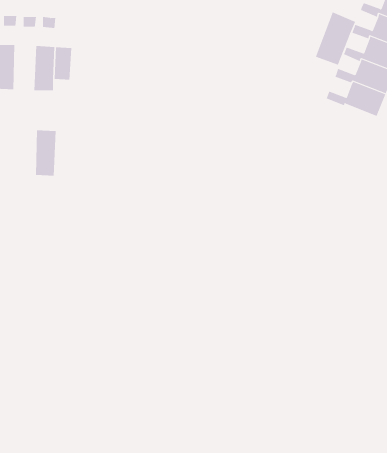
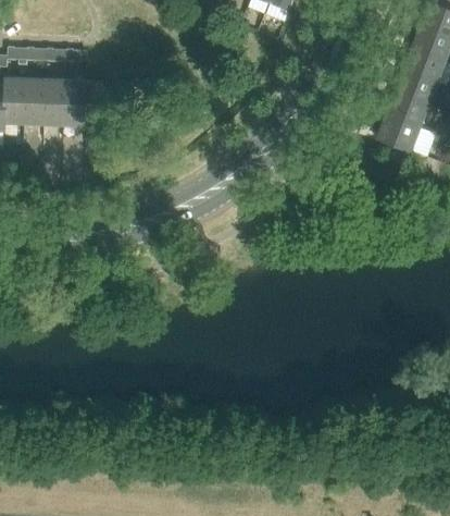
building: [315,12,356,65] -> none
building: [35,130,57,176] -> [45,78,66,125]

